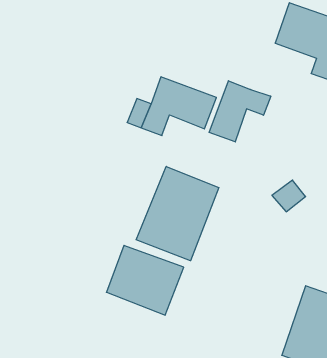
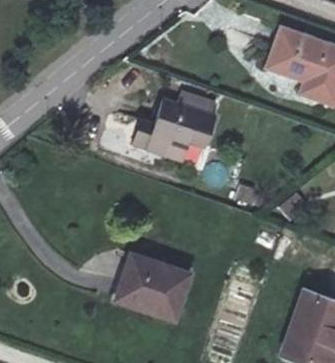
building: [209,81,271,142] -> none
building: [136,166,219,261] -> none

